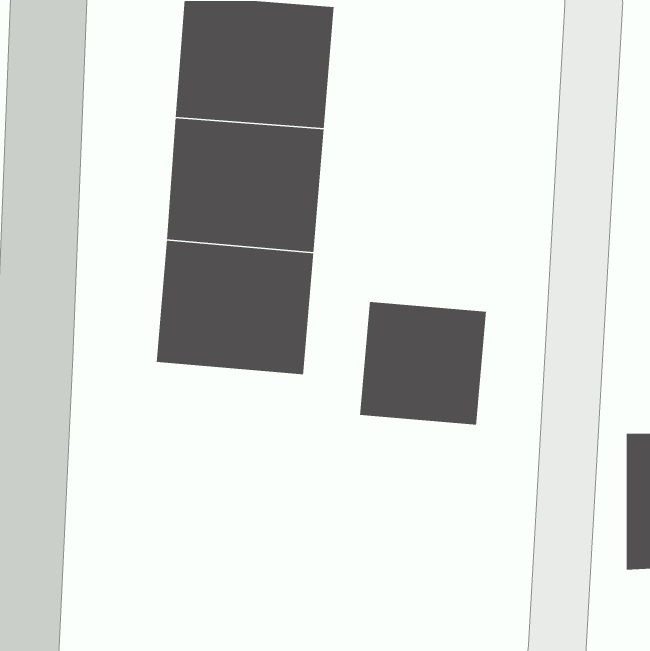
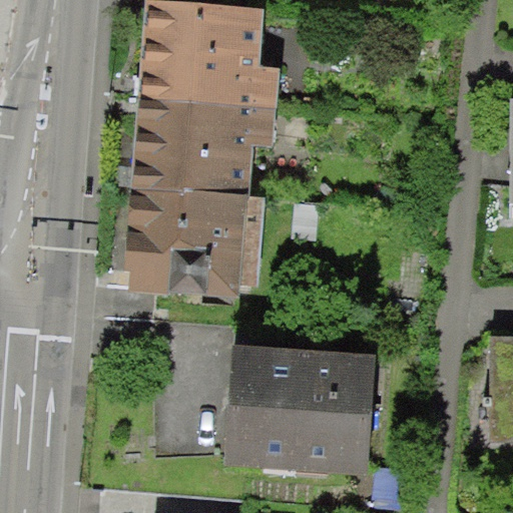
building: [359,301,487,425] -> none
building: none -> [230,358,381,474]

